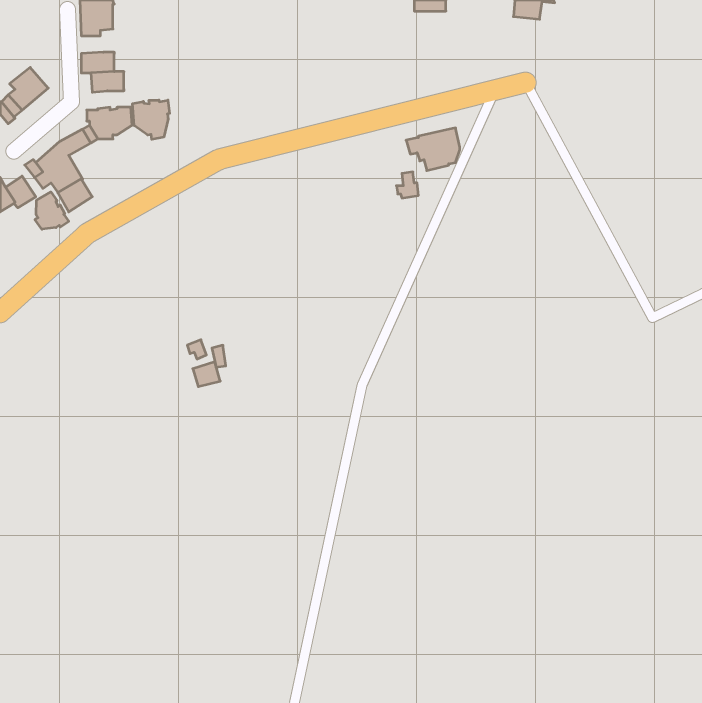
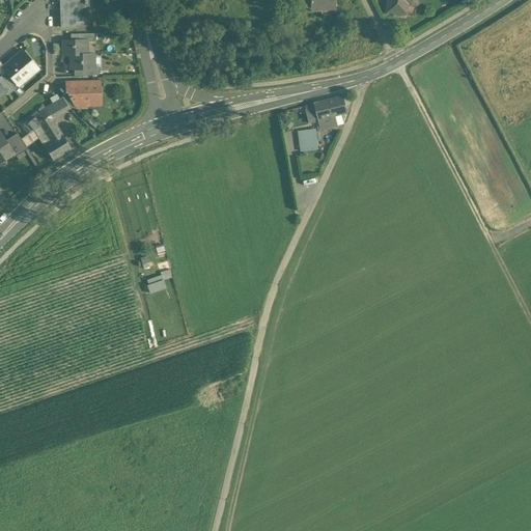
building: [133,100,170,139] -> none
building: [35,192,69,229] -> none

